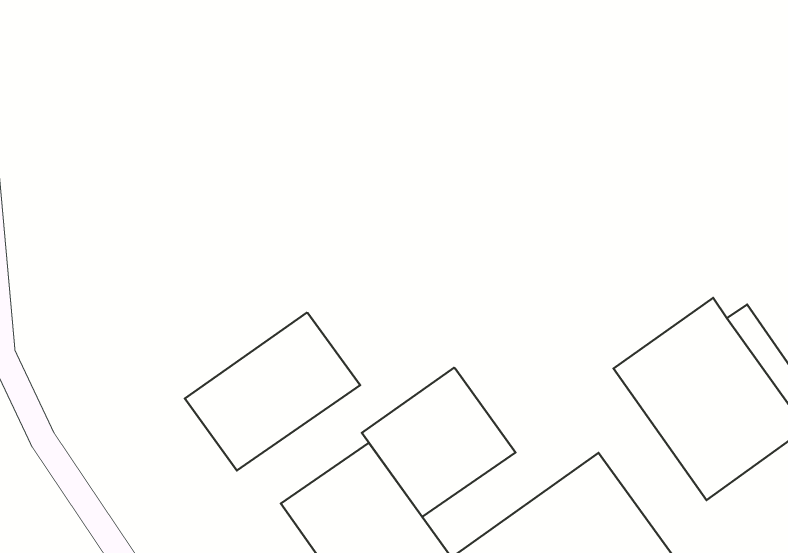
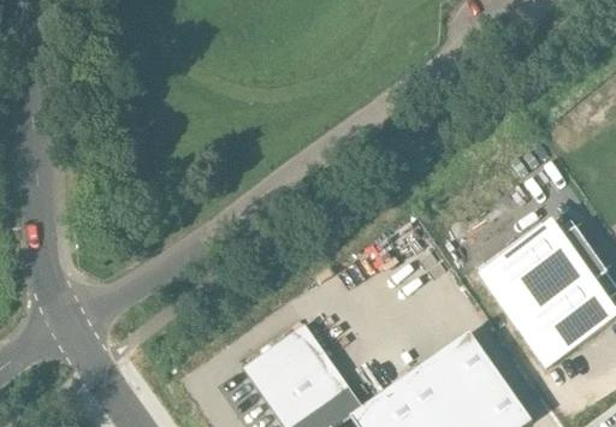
building: [185,313,360,471] -> none
building: [362,368,516,517] -> none

